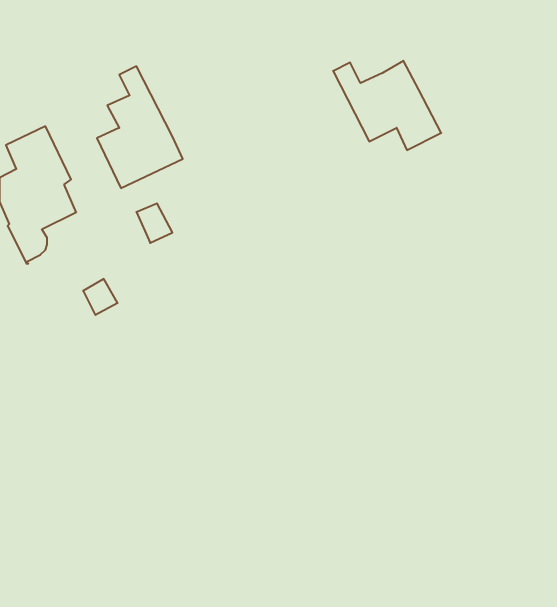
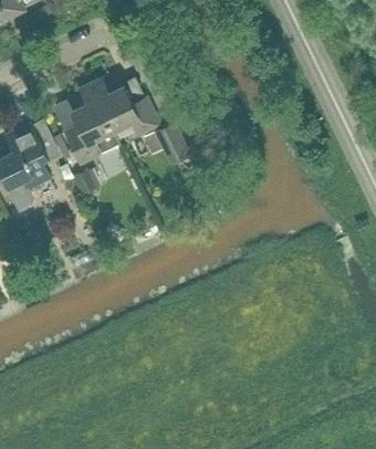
building: [333,61,441,150] -> [88,79,158,136]
building: none -> [154,123,188,165]

